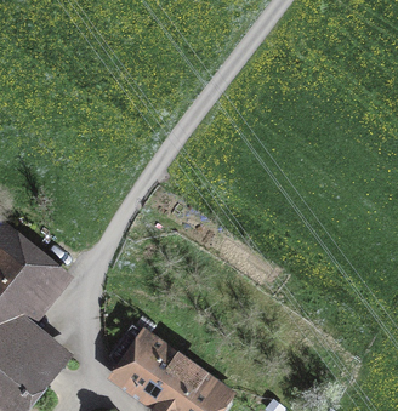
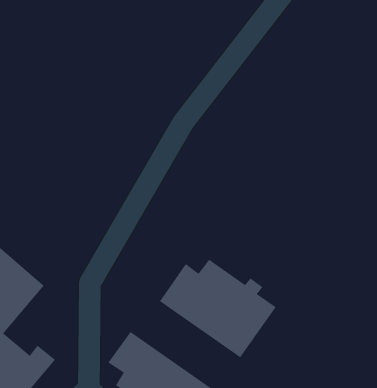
building: none -> [159,259,276,358]

